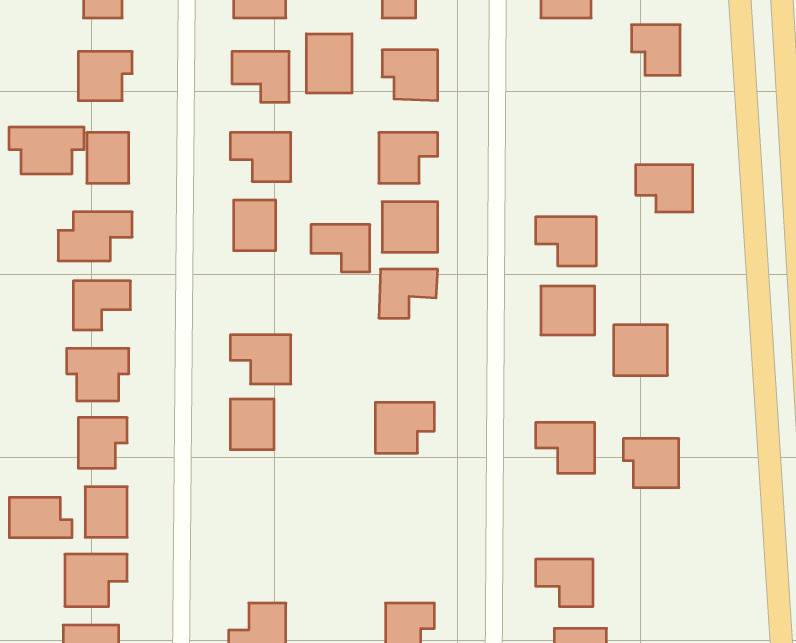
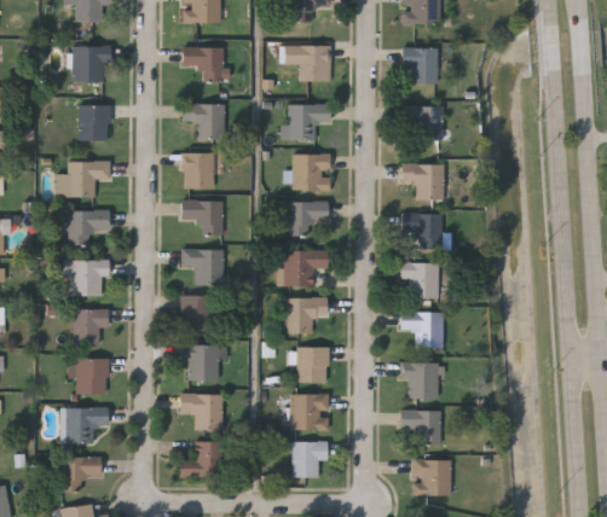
building: [631,25,680,75] -> [403,46,438,82]
building: [306,34,352,93] -> none
building: [9,127,84,174] -> none
building: [636,165,693,212] -> [403,105,444,139]
building: [311,225,370,272] -> [180,201,222,234]
building: [614,325,668,375] -> [400,262,439,298]
building: none -> [287,250,328,286]
building: [623,439,679,488] -> [400,362,440,397]
building: none -> [181,344,227,379]
building: none -> [296,347,328,383]
building: [9,497,72,538] -> none
building: none -> [180,394,222,429]
building: none -> [290,394,329,430]

